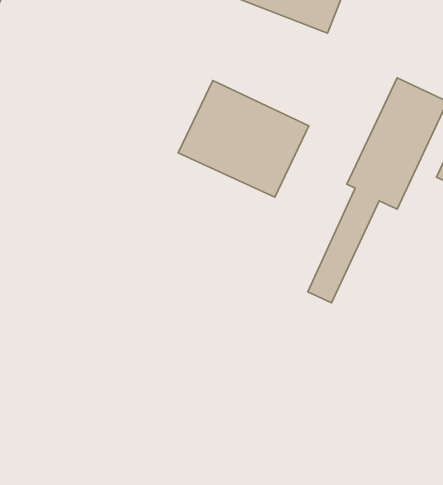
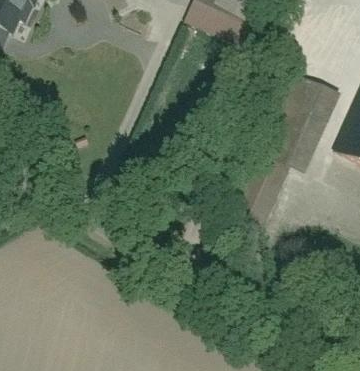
building: [178,81,309,197] -> none

